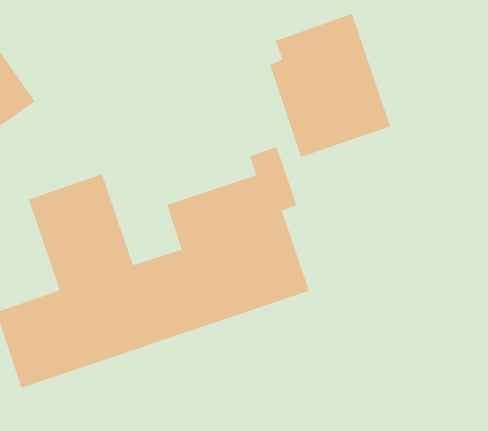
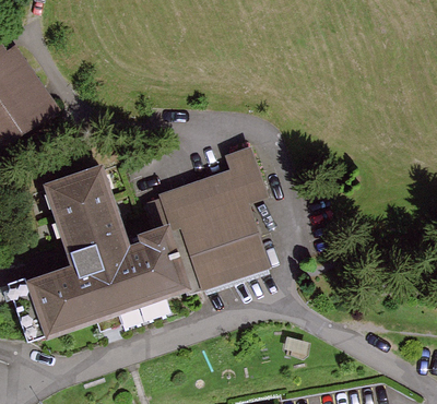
building: [269,13,391,158] -> none

